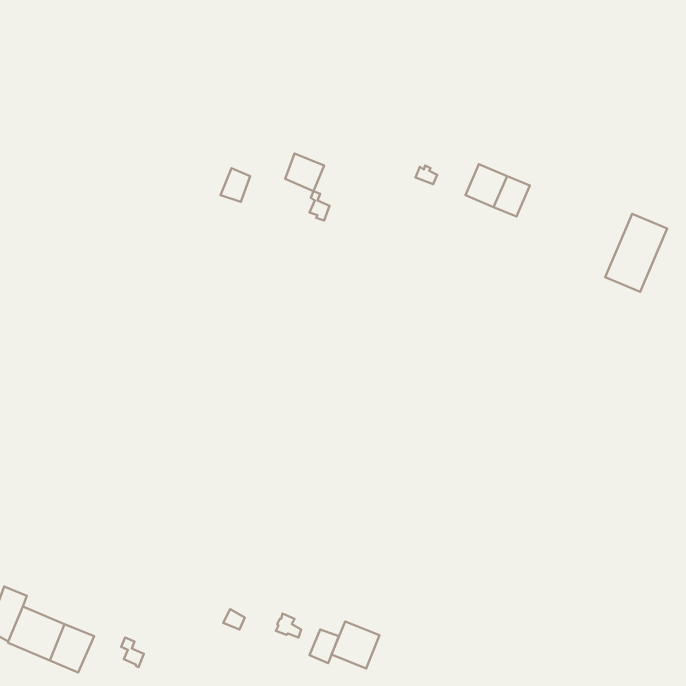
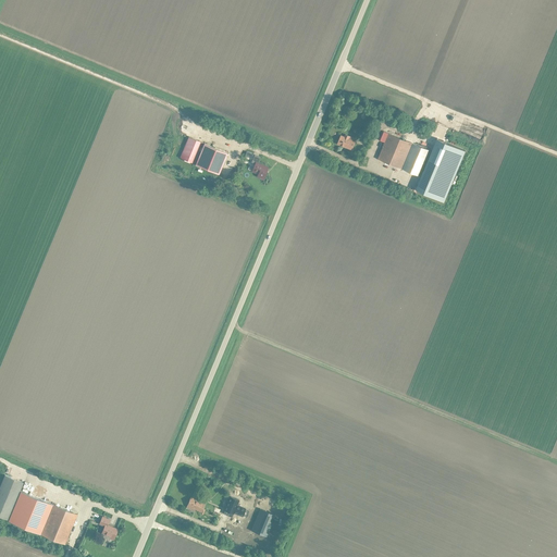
building: [285,153,324,191] -> [195,144,226,174]
building: [605,214,667,292] -> [414,139,465,202]
building: [332,621,380,668] -> none

